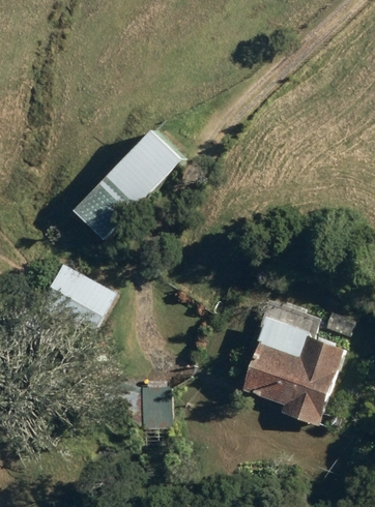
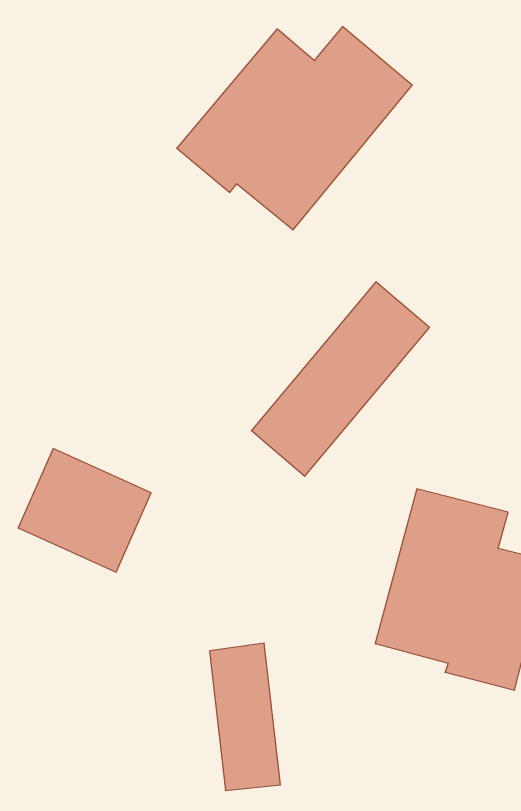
building: none -> [177,27,412,230]
building: [71,129,179,239] -> [251,282,429,476]

